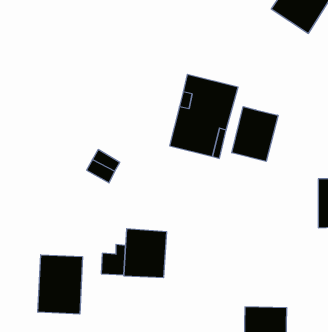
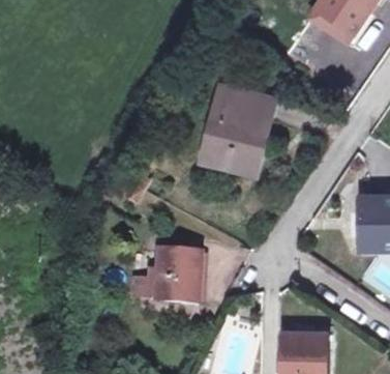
building: [232,107,278,161] -> none
building: [38,255,82,314] -> none

